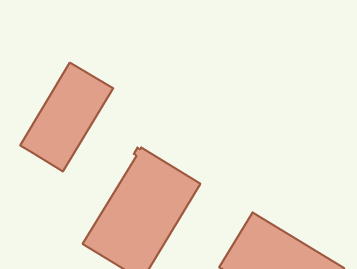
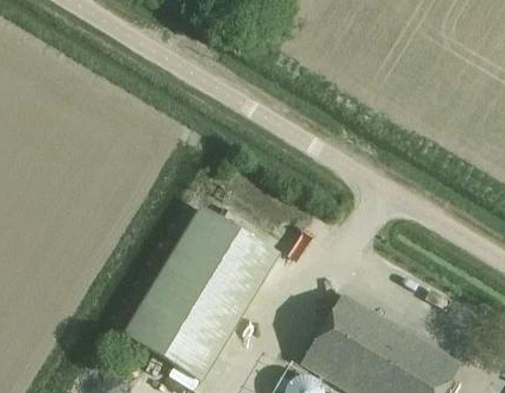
building: [20,63,113,172] -> none

